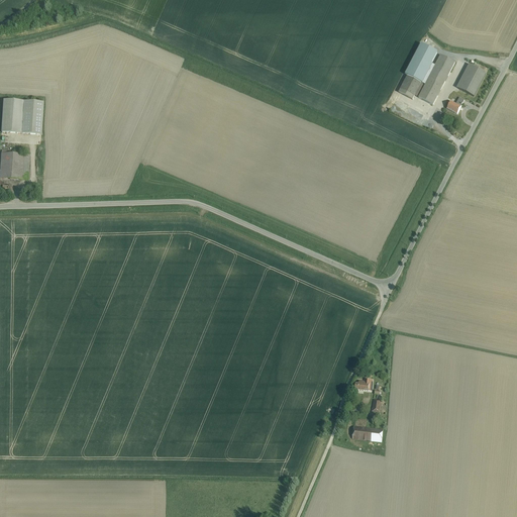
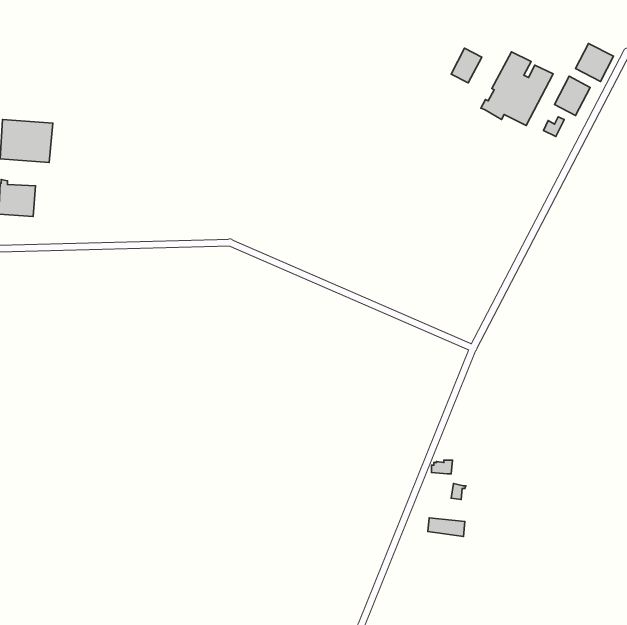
building: none -> [576,43,613,82]
building: none -> [451,48,482,83]

